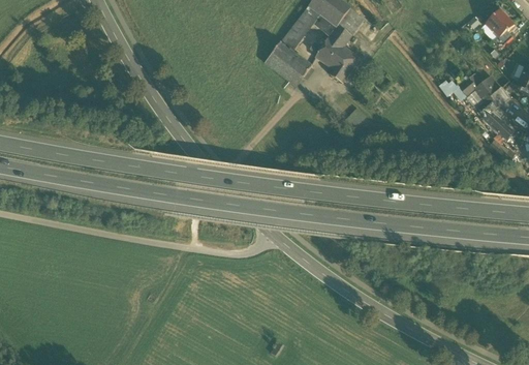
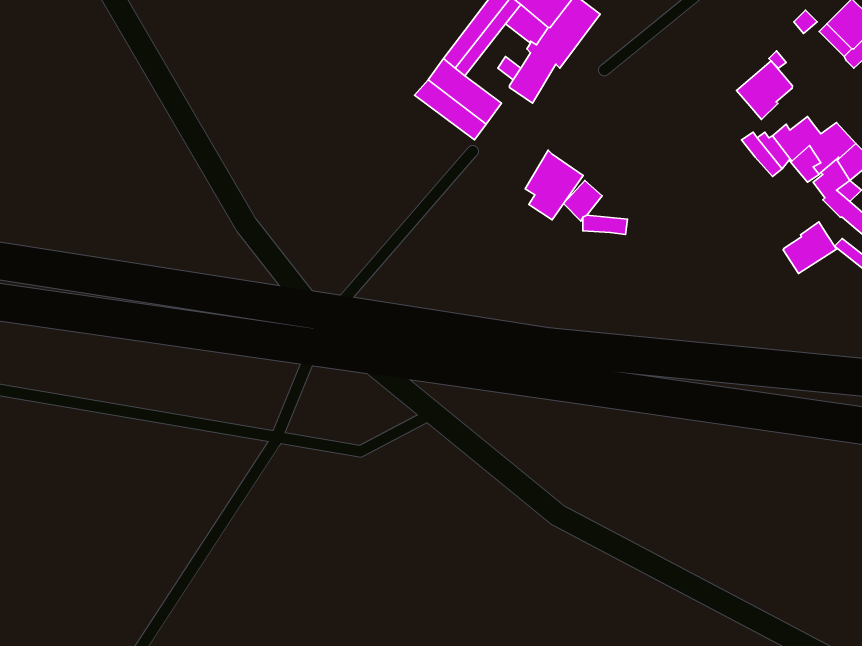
building: none -> [737,61,793,119]
building: [328,43,359,81] -> [525,150,583,220]
building: none -> [783,222,836,273]

